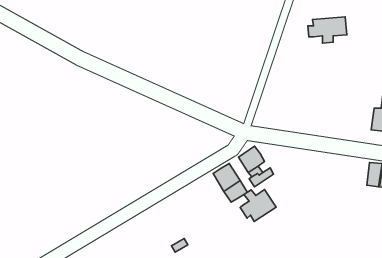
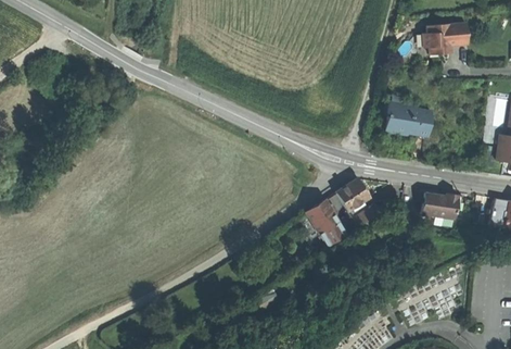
building: none -> [383,103,431,136]
building: none -> [424,195,460,220]
building: [240,189,276,222] -> none

